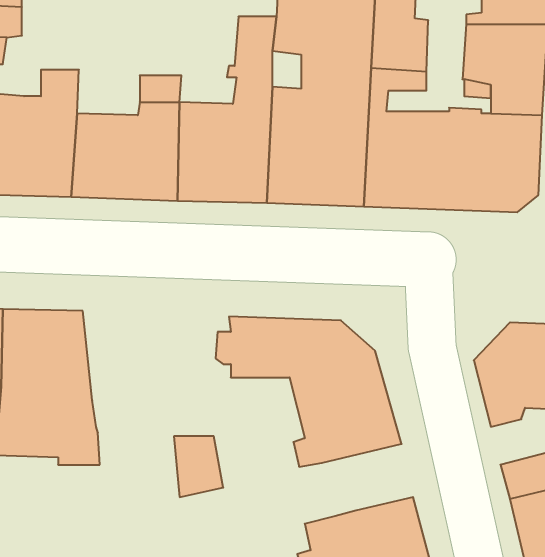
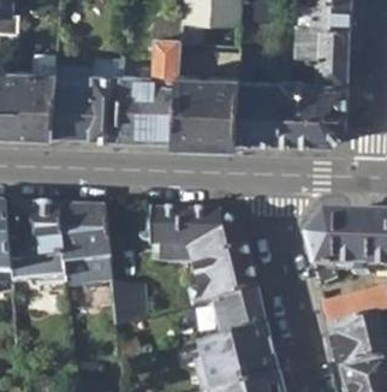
building: none -> [56,206,113,286]
building: none -> [208,290,266,335]

